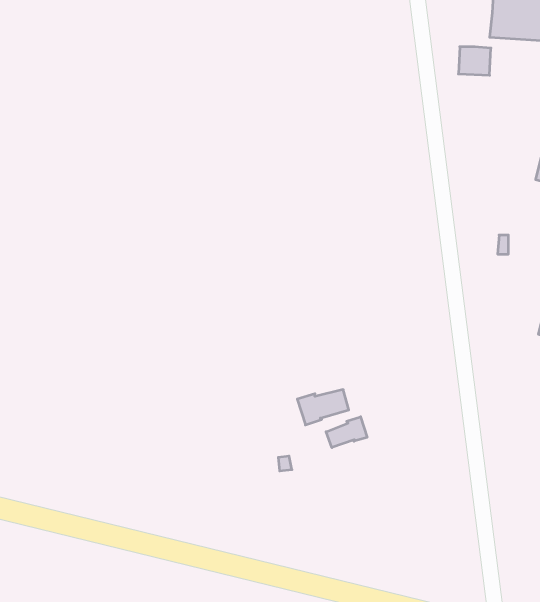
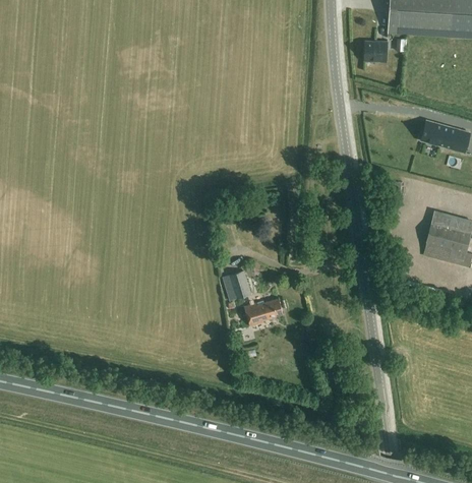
building: none -> [223,269,251,300]
building: [326,417,367,448] -> none

